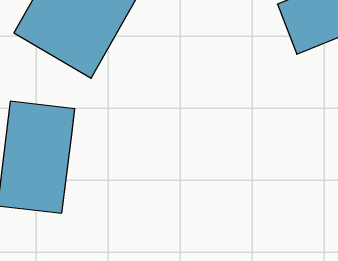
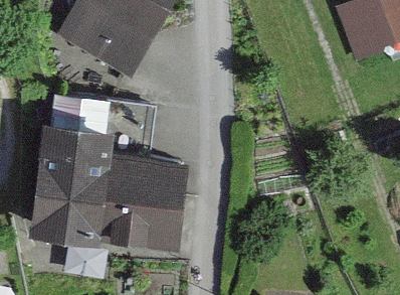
building: none -> [97,154,188,250]

